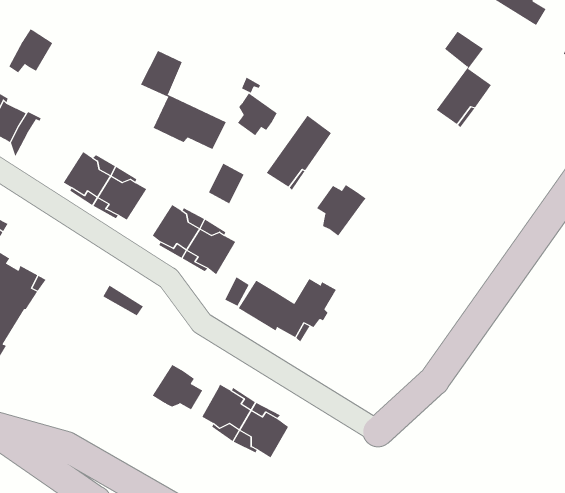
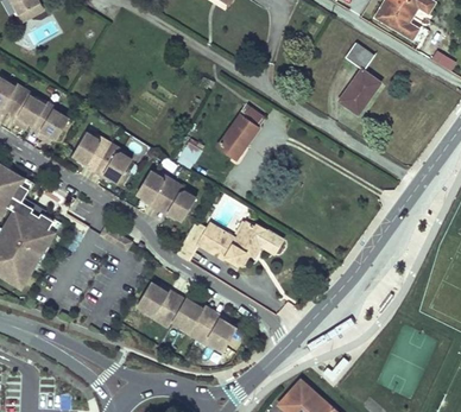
building: [9,28,53,73] -> [37,108,69,140]
building: [140,50,227,150] -> none
building: [237,92,277,136] -> none
building: [316,184,366,236] -> none
building: none -> [144,286,183,329]

